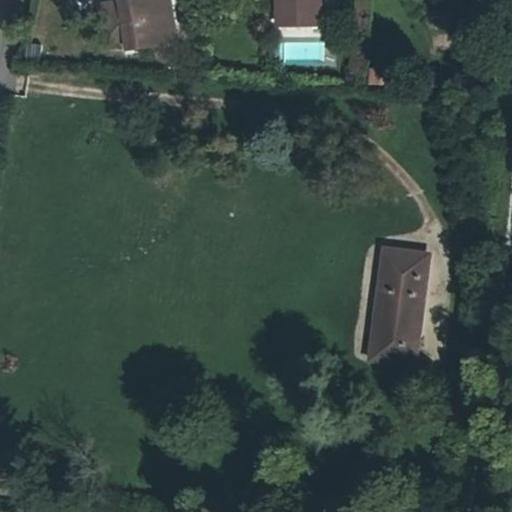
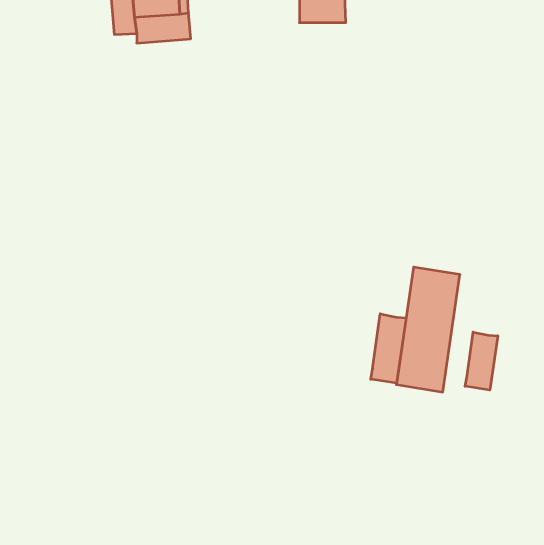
building: none -> [371,314,406,383]
building: none -> [465,332,498,390]

